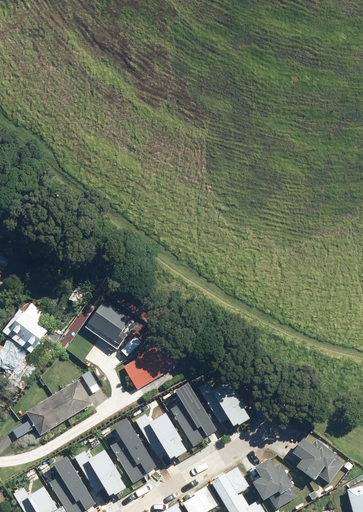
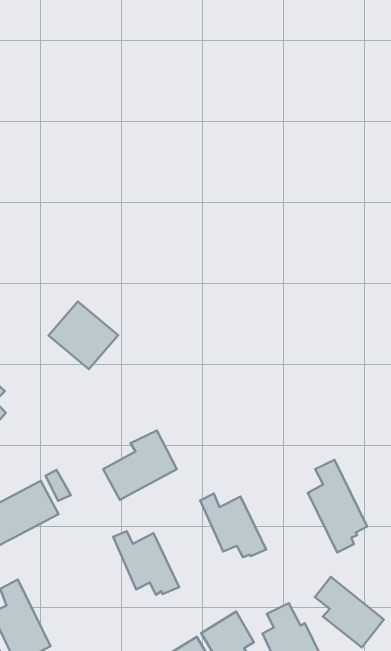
building: [83,300,135,350] -> [49,301,118,369]
building: [169,381,215,450] -> [308,460,367,552]
building: [110,417,156,486] -> none
building: [73,448,125,494] -> none

